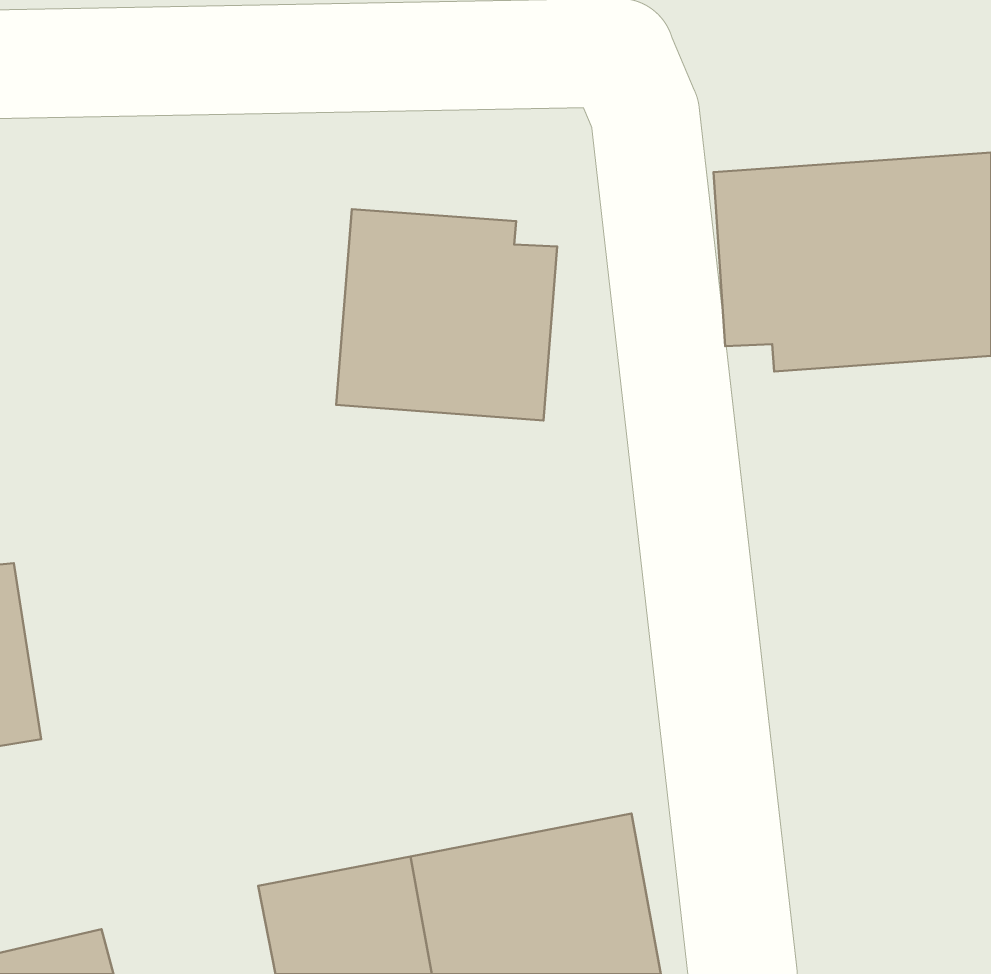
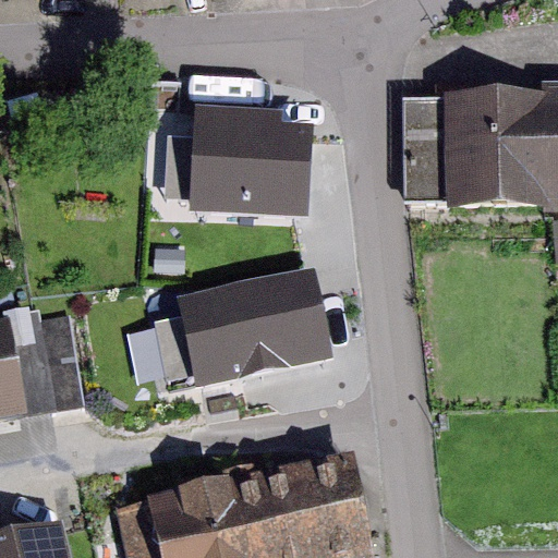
building: none -> [165,301,299,401]
building: none -> [16,308,85,412]

